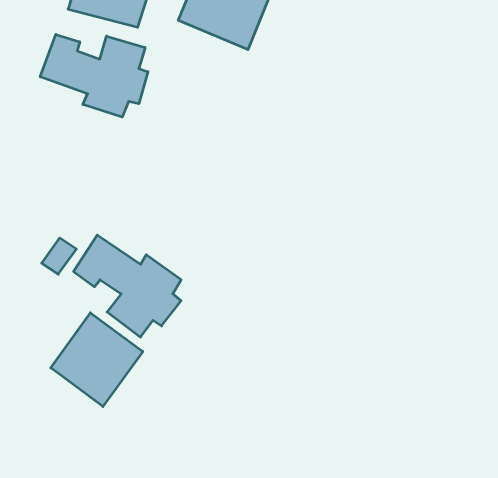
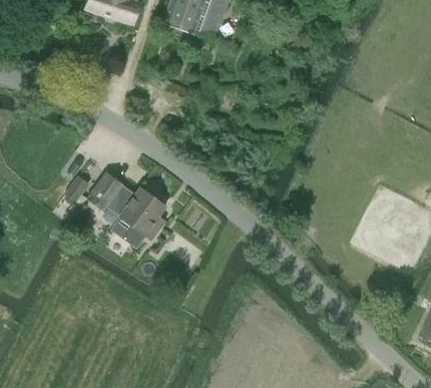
building: [40,34,148,117] -> none
building: [51,313,143,407] -> none

